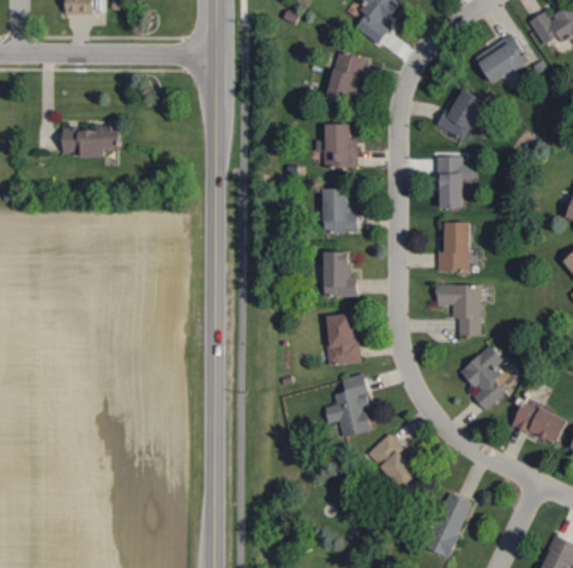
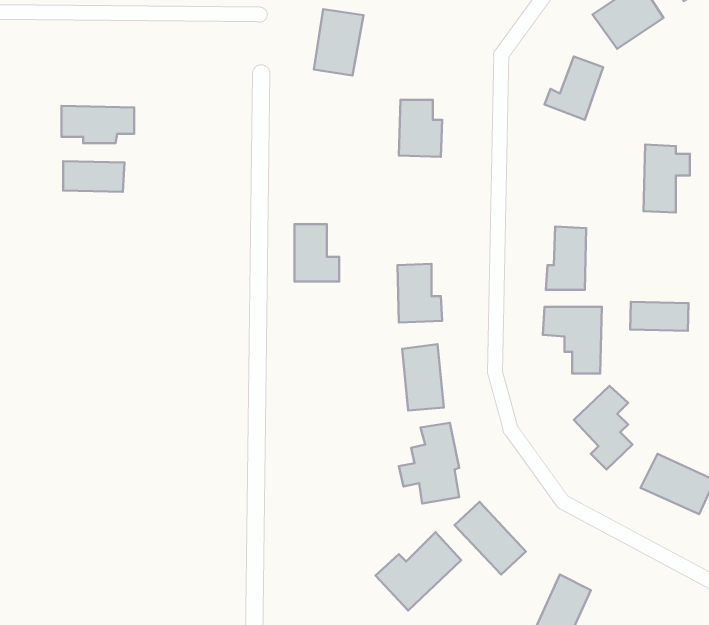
building: [327,53,366,104] -> [314,9,363,76]
building: [438,156,474,209] -> [643,145,690,213]
building: none -> [63,161,124,192]
building: [322,188,357,232] -> [294,224,339,282]
building: none -> [630,302,689,331]
building: none -> [375,532,461,610]

